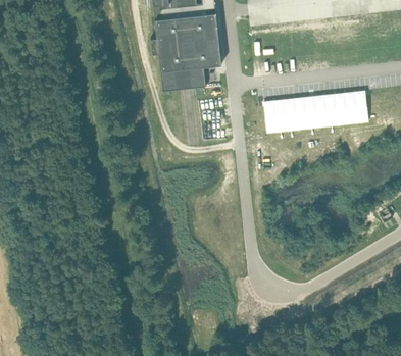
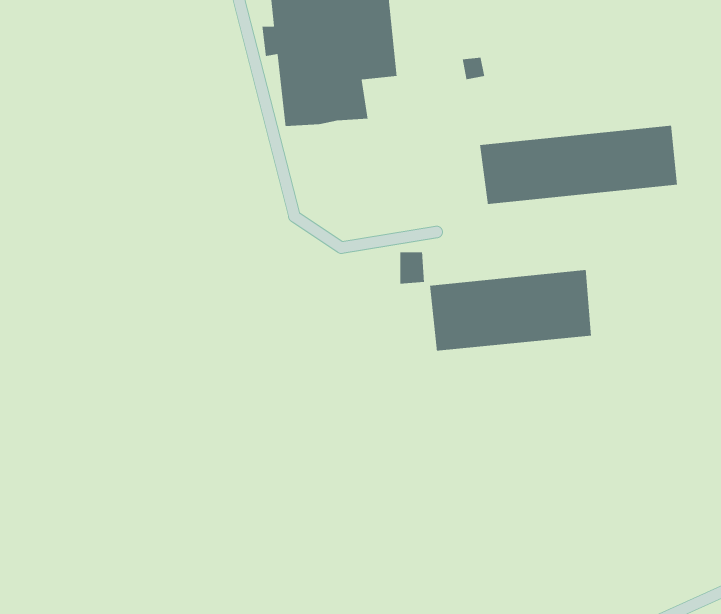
building: none -> [429,269,592,352]

